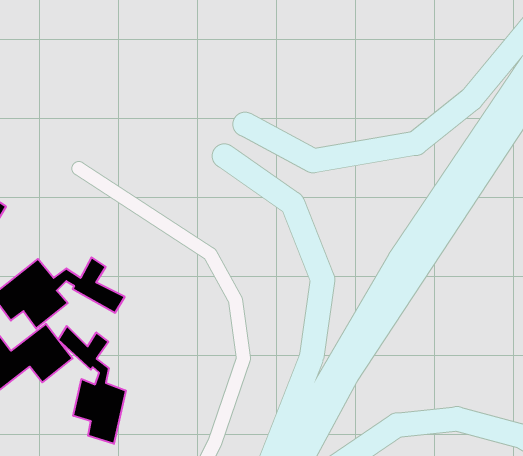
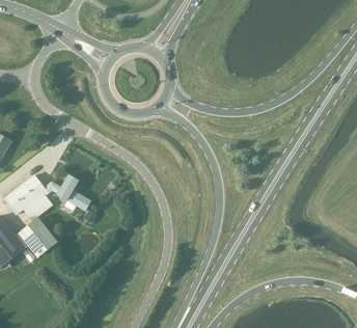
building: [58,326,126,444] -> none

